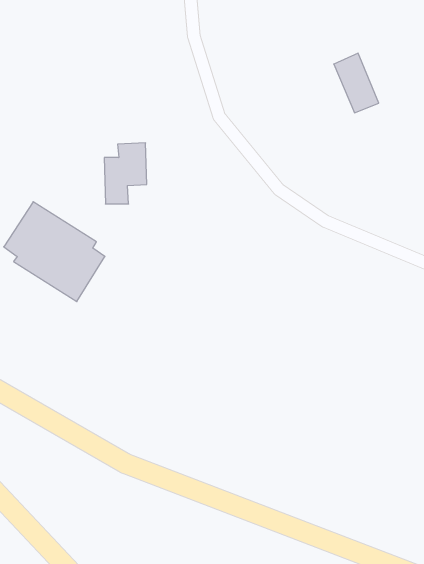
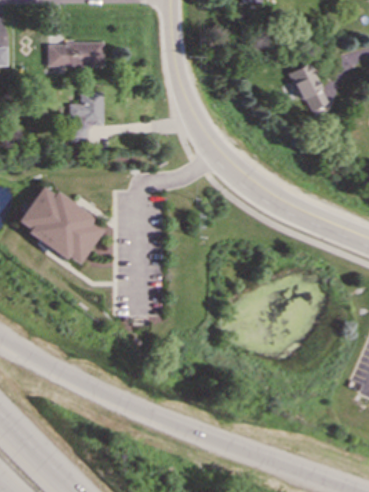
building: none -> [48,42,105,66]
building: [104,143,147,204] -> [70,91,105,141]

